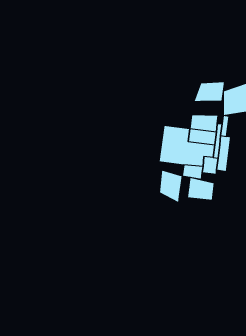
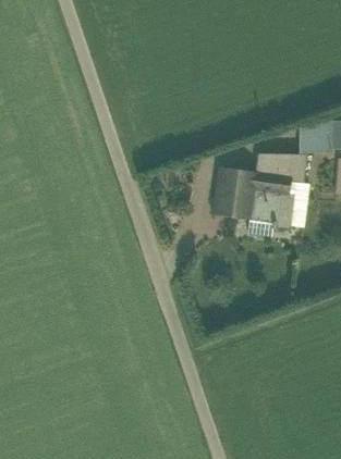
building: [194,81,225,102] -> none
building: [159,170,182,203] -> none
building: [188,177,214,200] -> none

